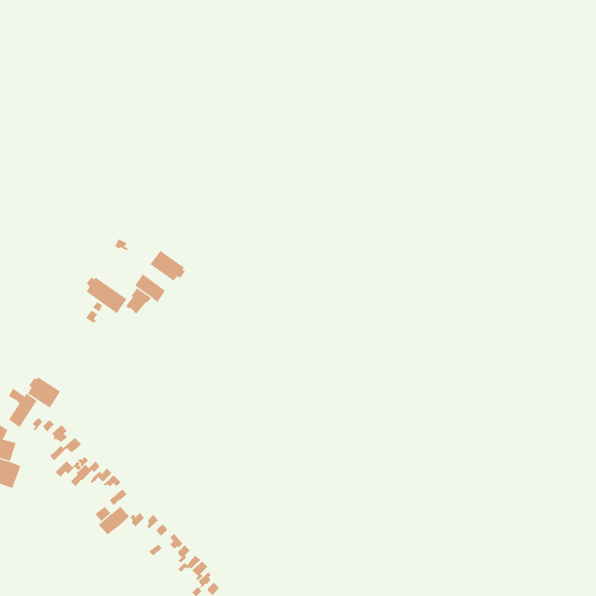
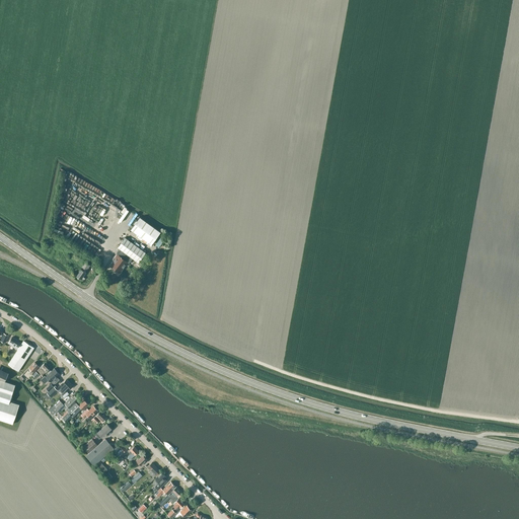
building: [86,276,127,314] -> none
building: [27,376,61,409] -> none

